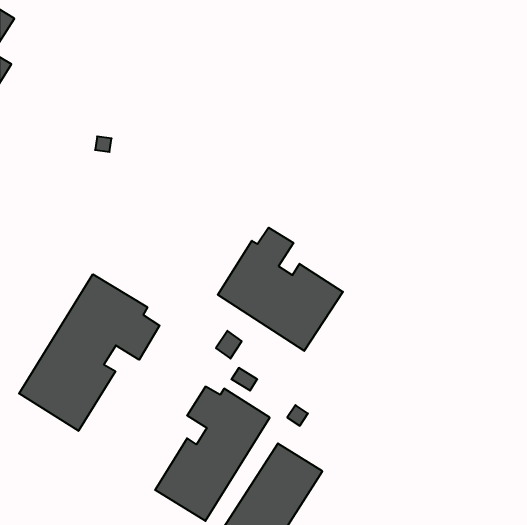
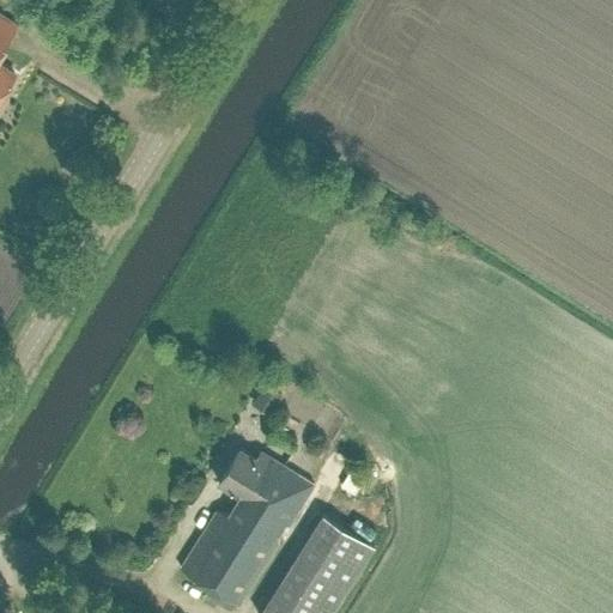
building: [218,228,343,351] -> none
building: [19,274,160,431] -> none

